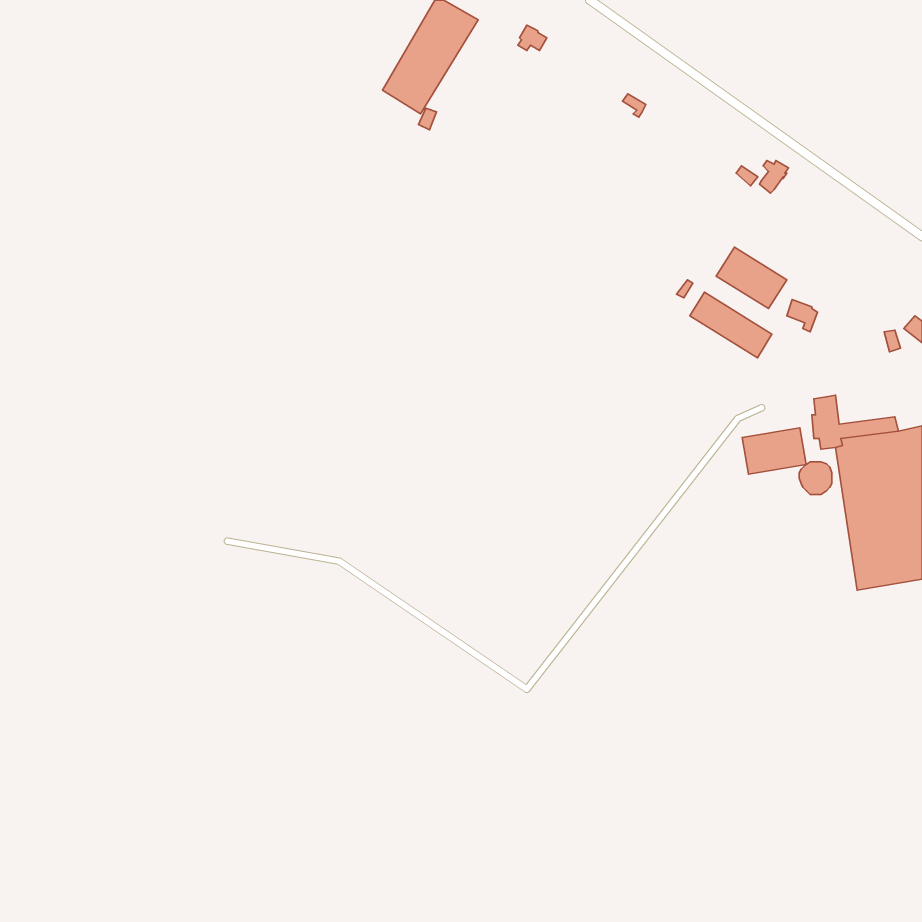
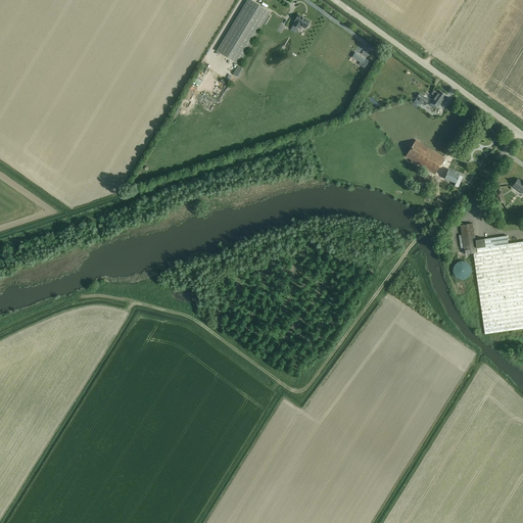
building: [690,292,772,358] -> none
building: [742,428,806,474] -> none

